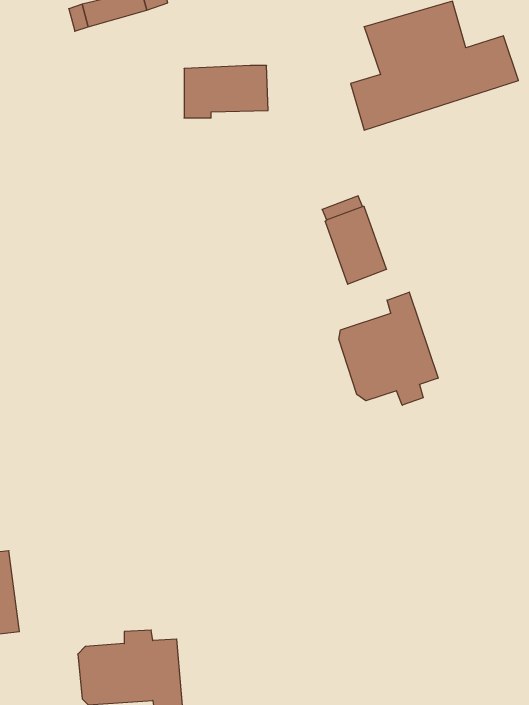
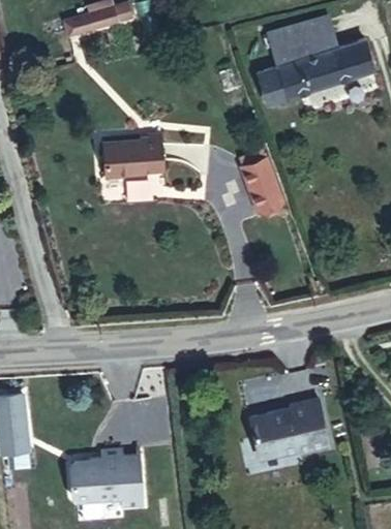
building: [184,66,268,118] -> [104,141,162,177]
building: [339,292,438,405] -> none
building: none -> [249,399,329,459]

